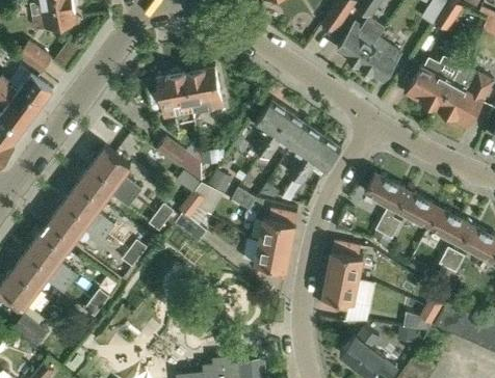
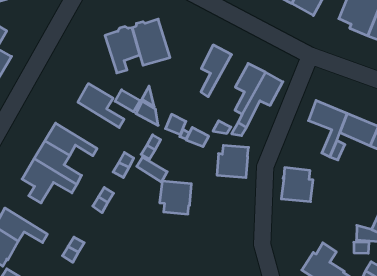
building: [259,113,306,161] -> none
building: [92,147,139,198] -> [78,84,124,128]
building: [27,222,76,285] -> none
building: [254,241,290,279] -> [160,181,191,214]
building: [319,274,357,312] -> none

